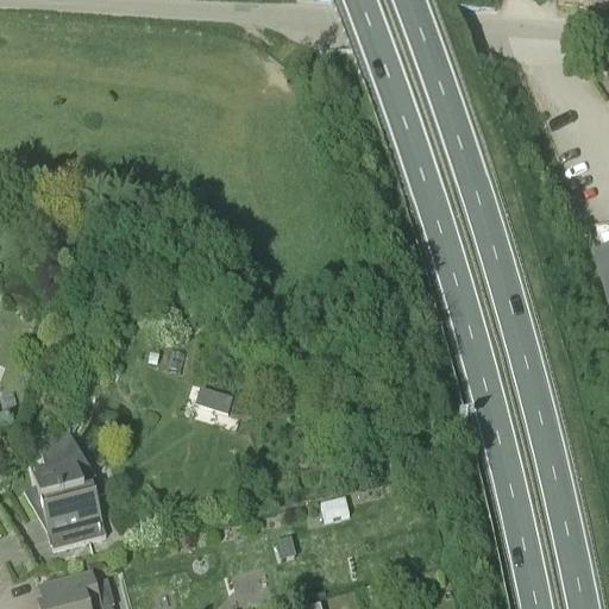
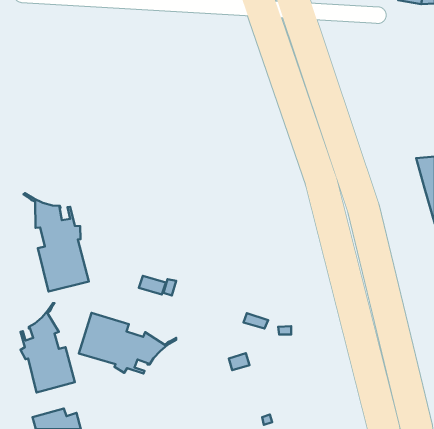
building: none -> [23,193,89,291]
building: none -> [79,313,176,373]

